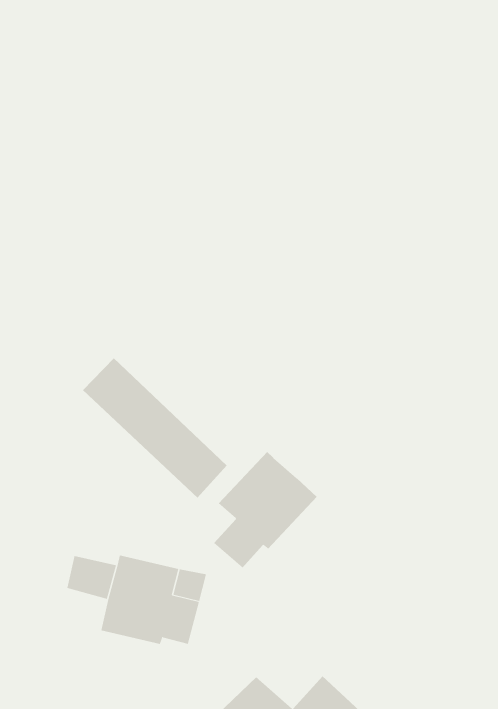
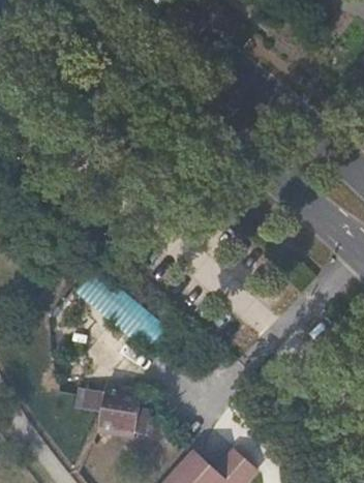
building: [213,451,317,569] -> none

